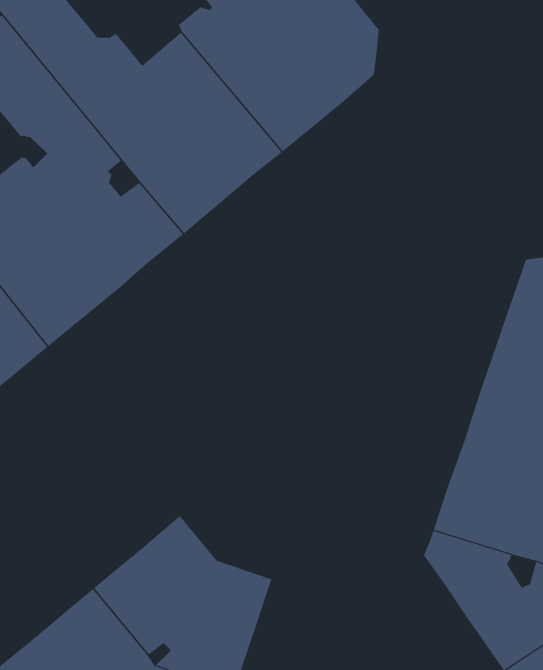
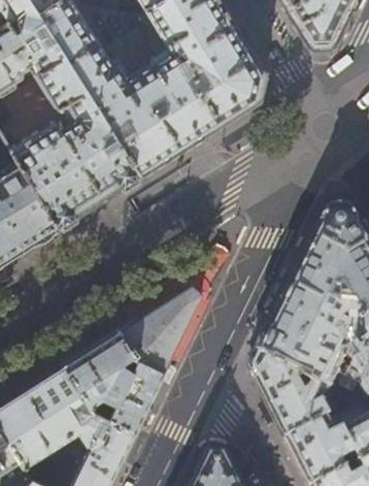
building: none -> [118,277,202,372]

